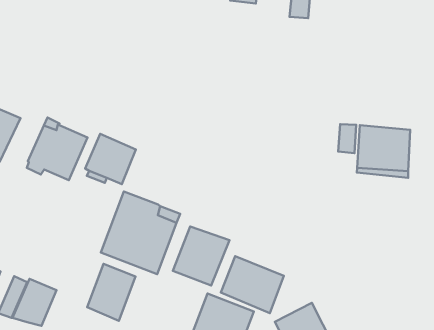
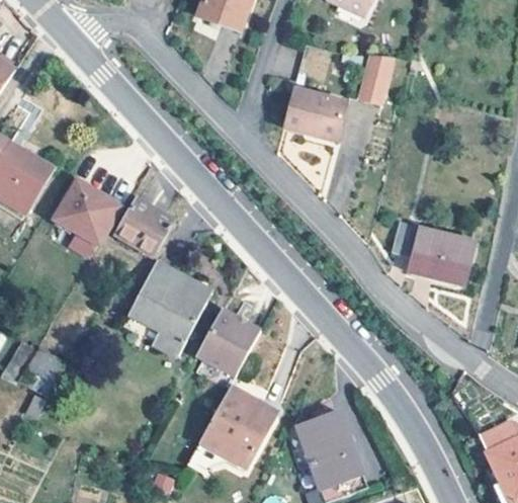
building: none -> [281,89,346,141]
building: [221,256,284,313] -> none
building: [87,264,135,321] -> none

